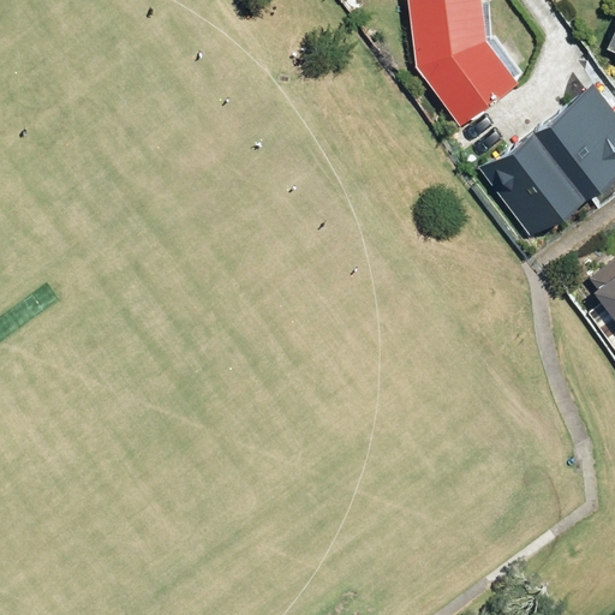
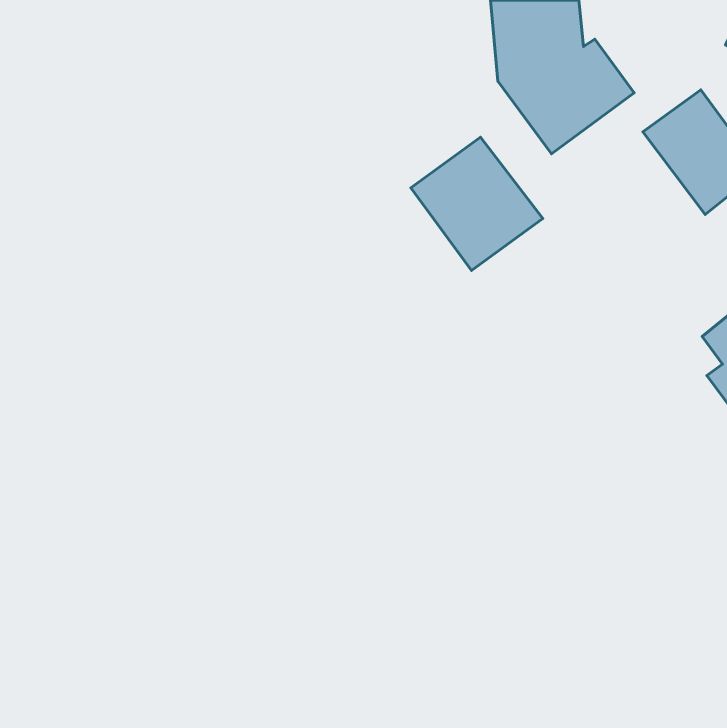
building: [477,126,586,237] -> [411,137,543,271]

